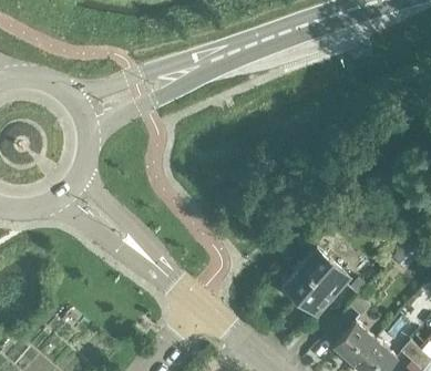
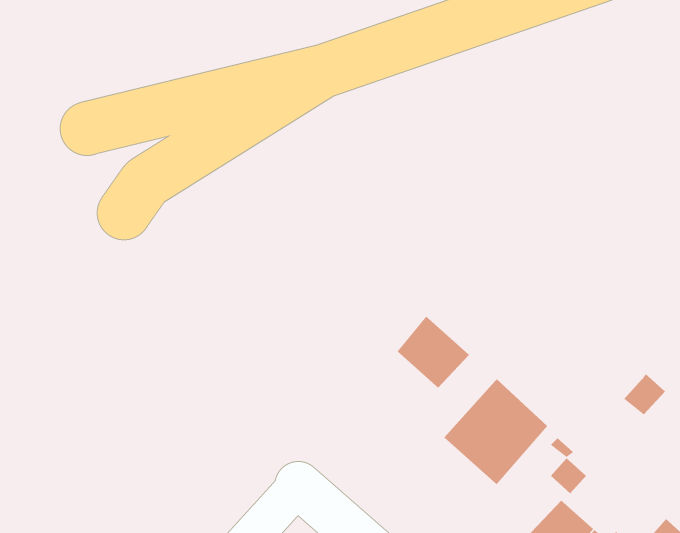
building: none -> [397,316,470,389]

